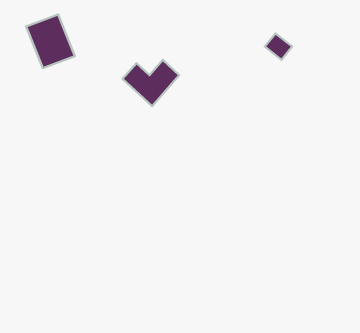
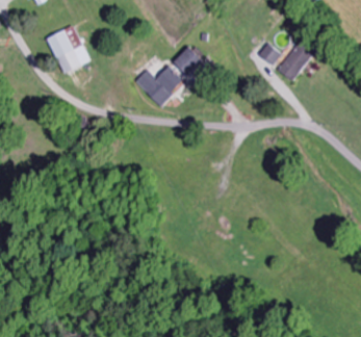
building: none -> [277,36,317,82]
building: none -> [172,45,207,81]

